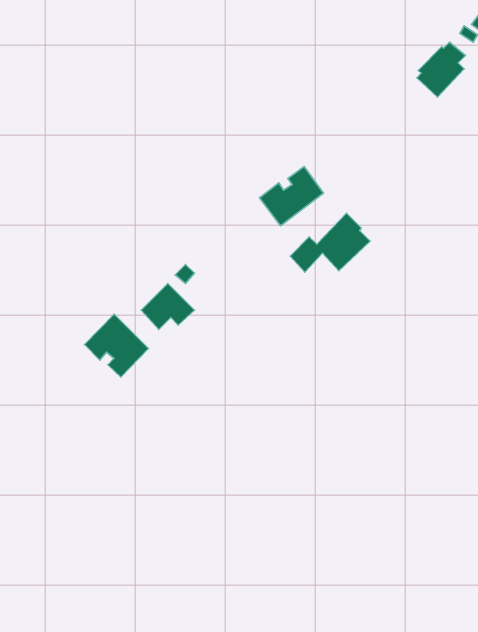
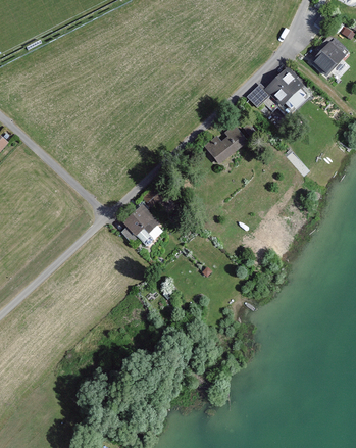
building: [290,213,370,272] -> [248,67,303,108]
building: [85,314,148,377] -> none

